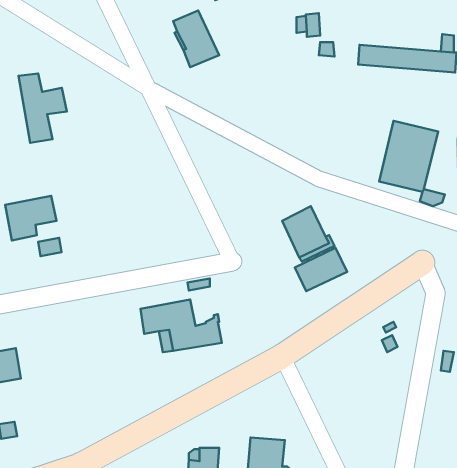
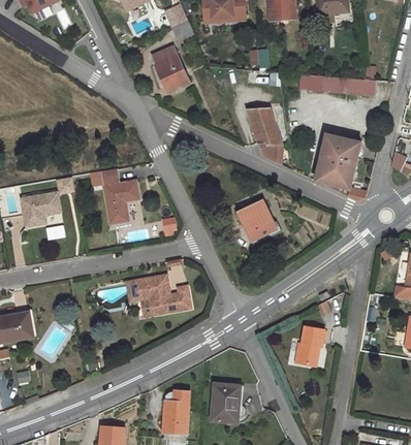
building: [18,73,67,143] -> [101,168,139,223]
building: none -> [247,107,283,161]
building: [295,248,347,291] -> none
building: none -> [298,325,324,365]

